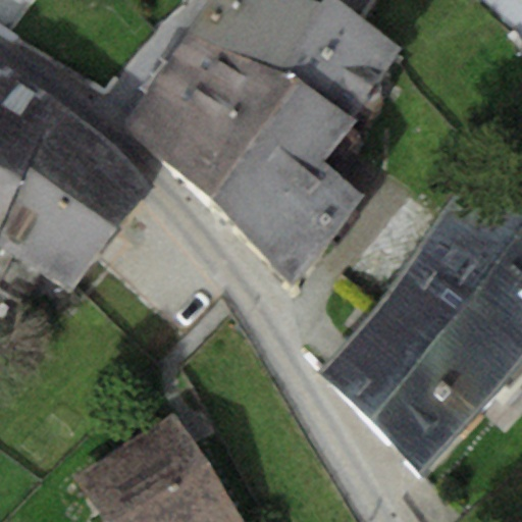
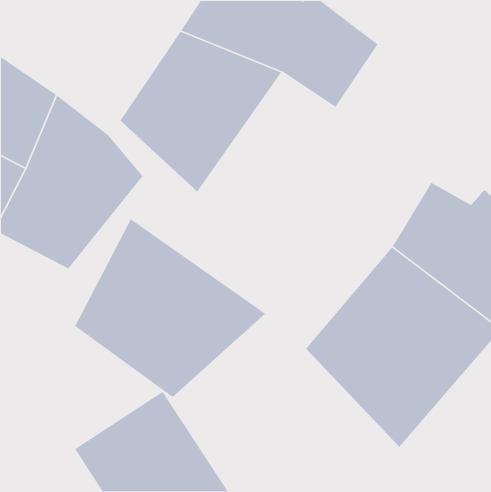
building: [210,76,362,283] -> none
building: none -> [74,218,266,398]

